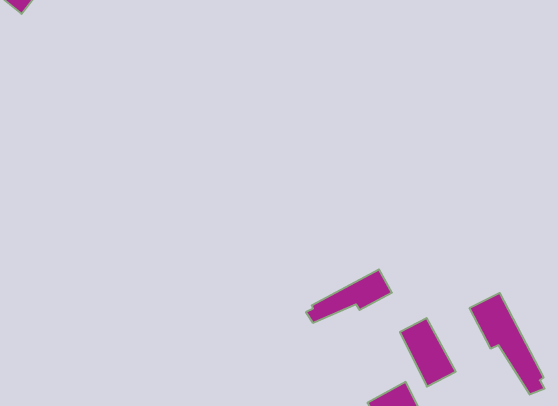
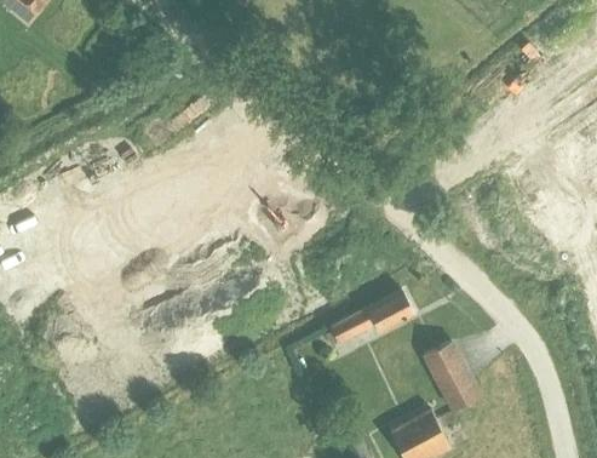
building: [470,293,545,395] -> none

